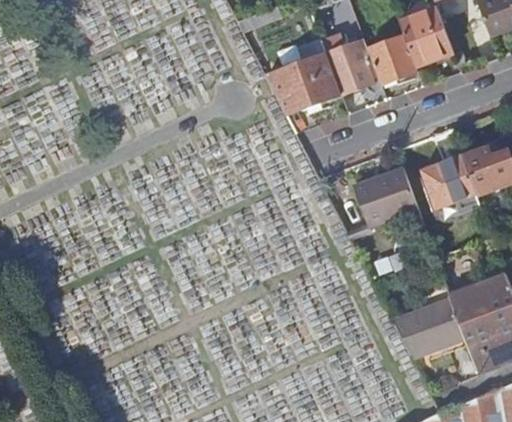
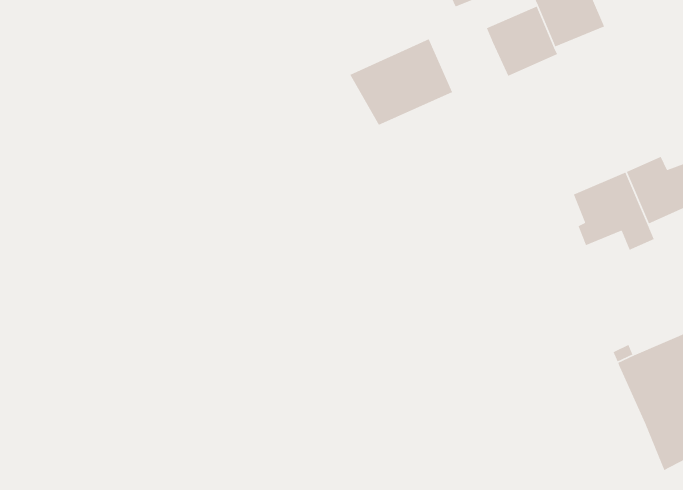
building: [322,33,375,113] -> none
building: [354,168,418,227] -> none
building: [393,298,466,359] -> none

